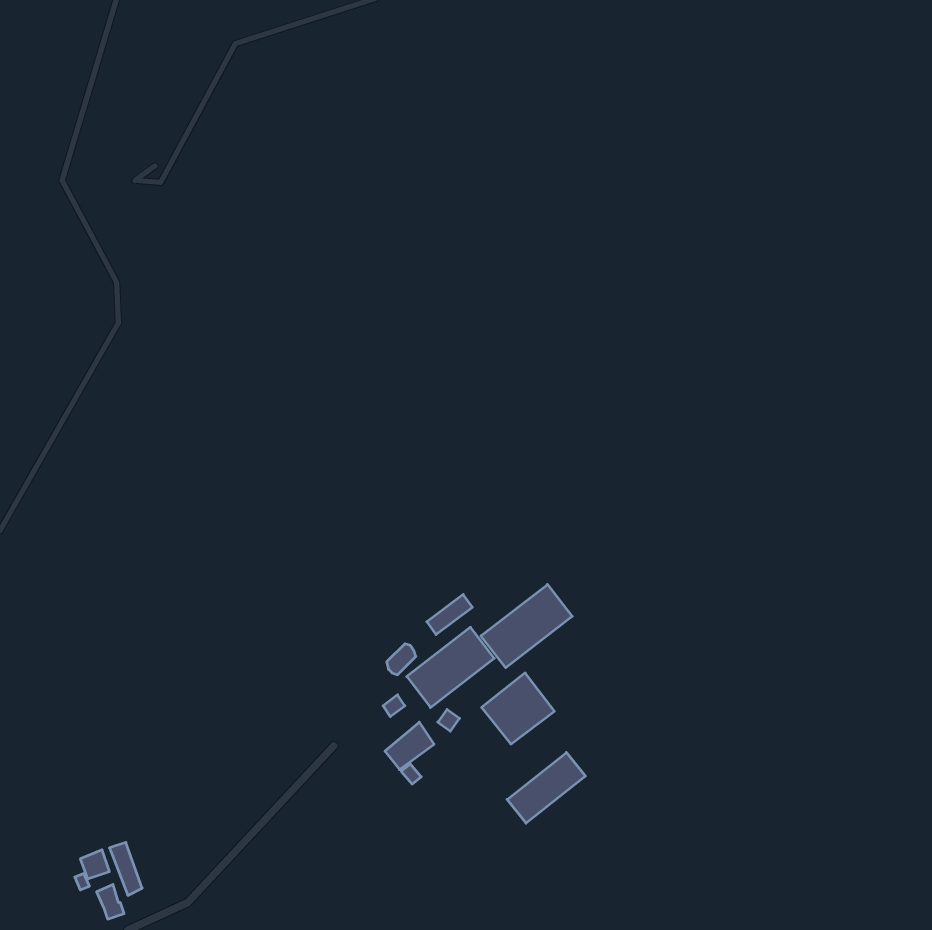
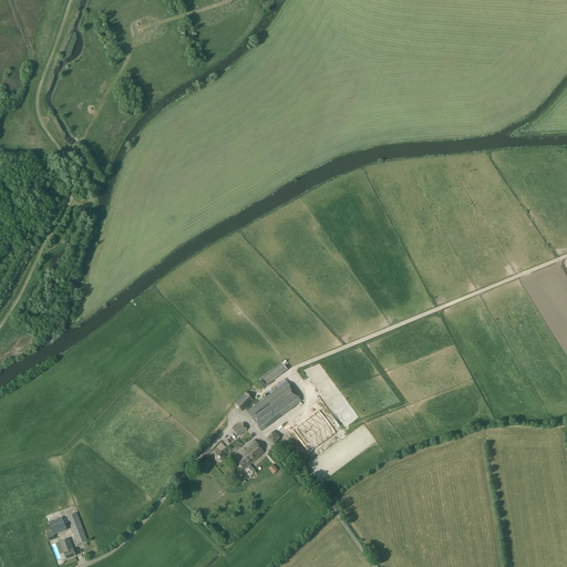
building: [481,584,572,668] -> none
building: [507,752,585,823] -> none

